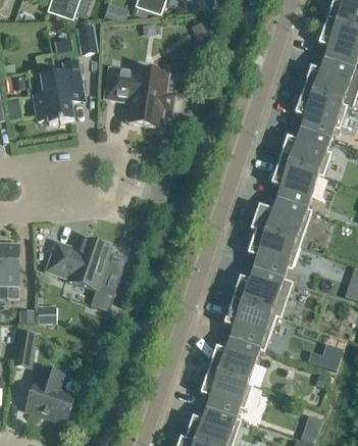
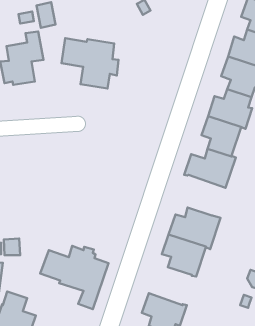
building: [247,229,299,277] -> none
building: [46,237,126,311] -> [40,246,108,309]
building: [208,338,259,383] -> none

